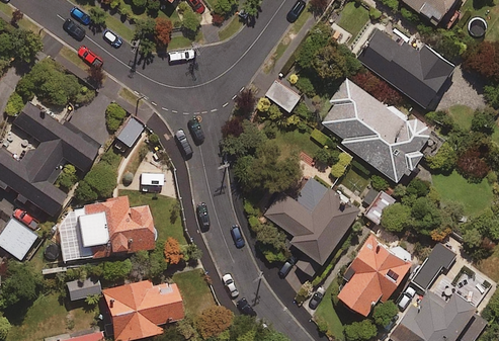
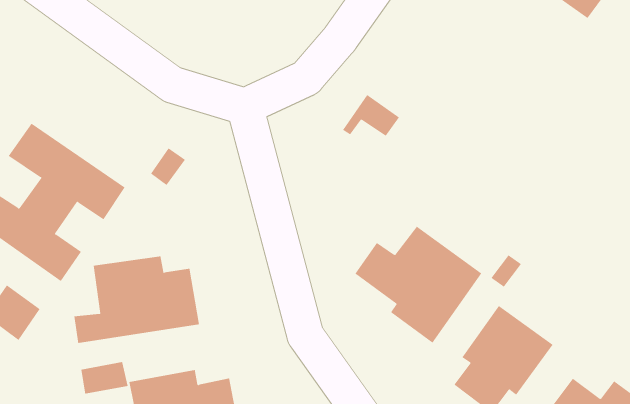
building: [355,24,454,107] -> none
building: [316,80,434,182] -> none
building: [410,242,455,290] -> none

